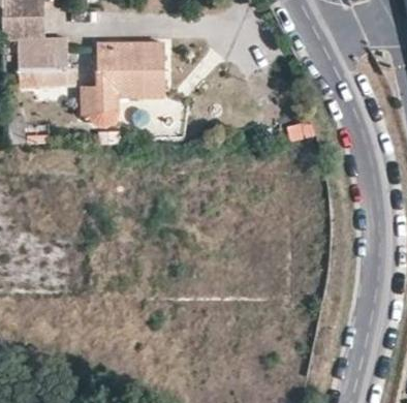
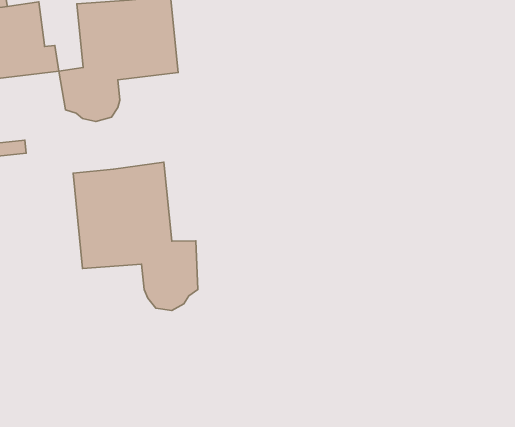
building: none -> [73,162,198,310]

